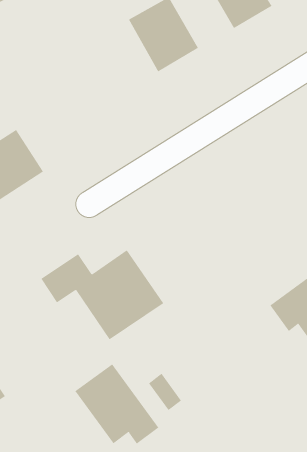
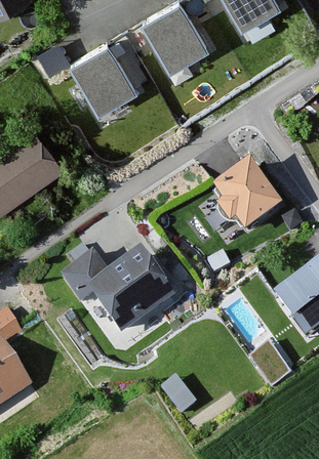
building: none -> [67,34,137,111]
building: none -> [217,165,285,234]
building: [75,363,159,445] -> none

